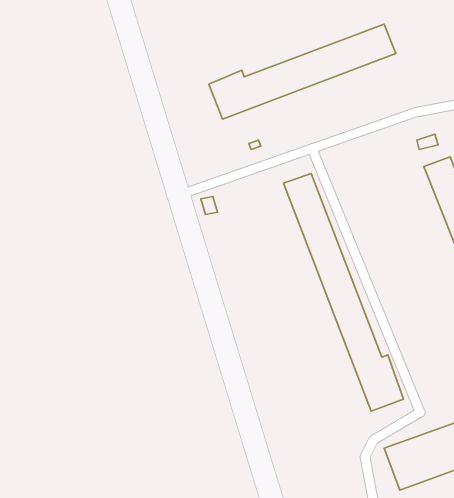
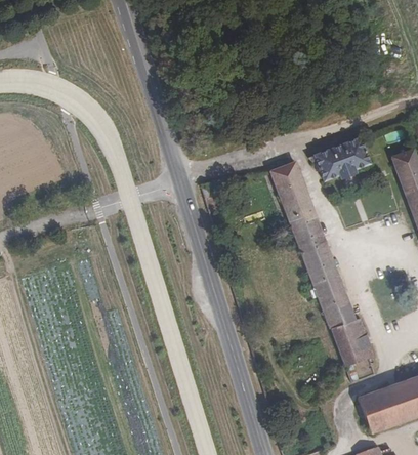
building: [209,24,396,119] -> none
building: none -> [313,137,370,181]

